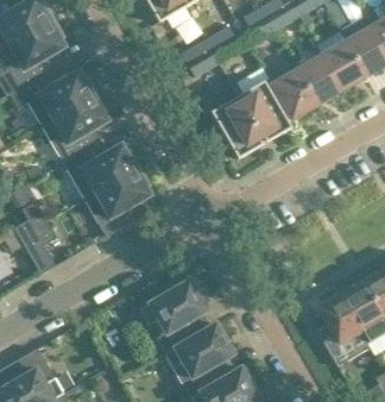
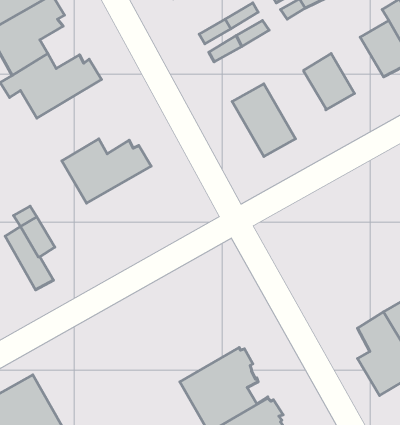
building: [296,55,341,103] -> none
building: [238,69,291,143] -> none
building: [42,92,108,162] -> none
building: [84,167,151,235] -> none
building: [139,278,216,353] -> none

